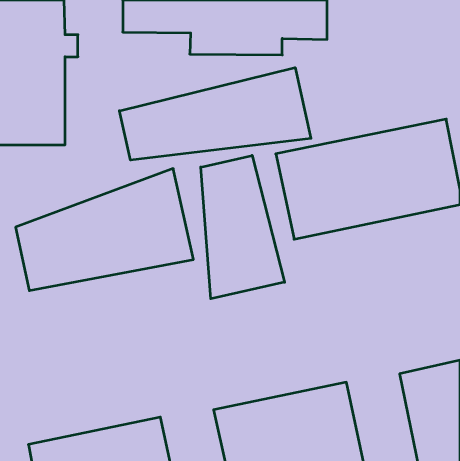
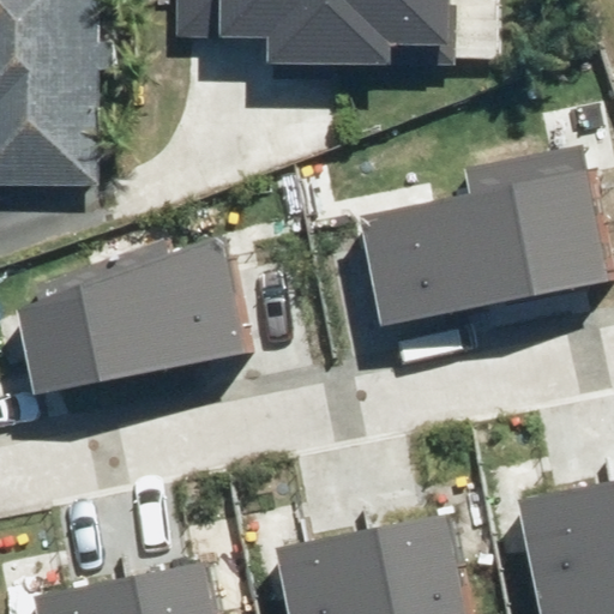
building: [119,68,311,160] -> none
building: [201,155,285,299] -> none

